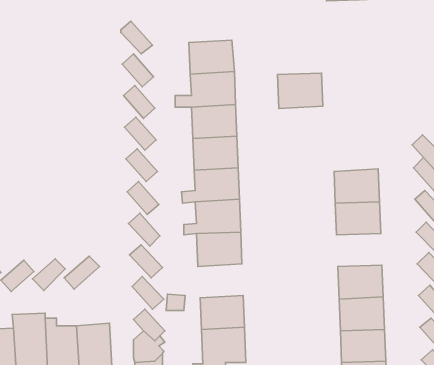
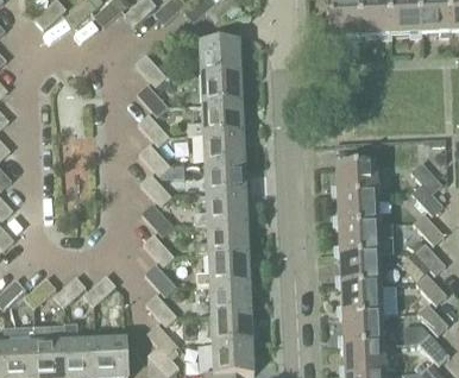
building: none -> [194,39,240,73]
building: [277,73,323,109] -> [335,160,378,194]
building: none -> [339,252,382,283]
building: none -> [208,281,251,313]

